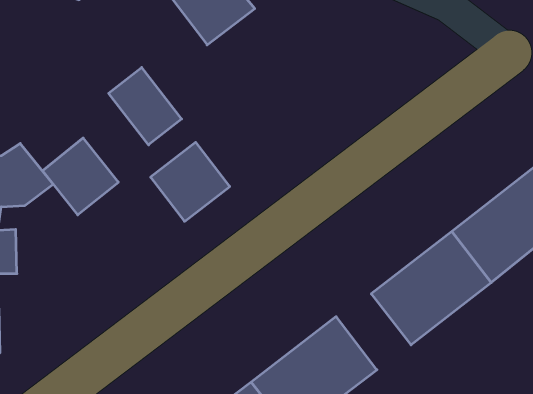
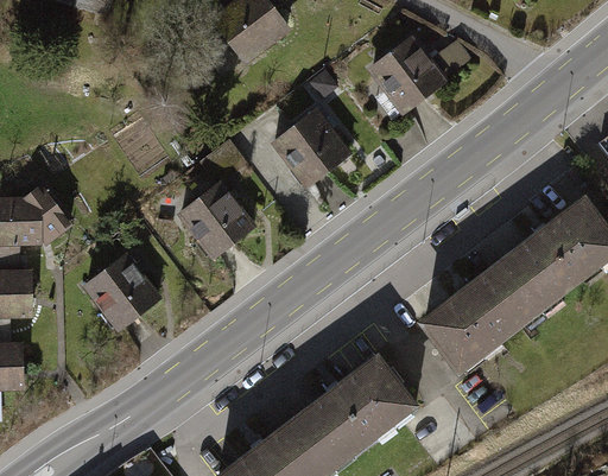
building: none -> [362,34,470,116]
building: [109,67,182,145] -> none
building: none -> [271,107,356,192]
building: [43,138,118,215] -> [88,247,167,328]

